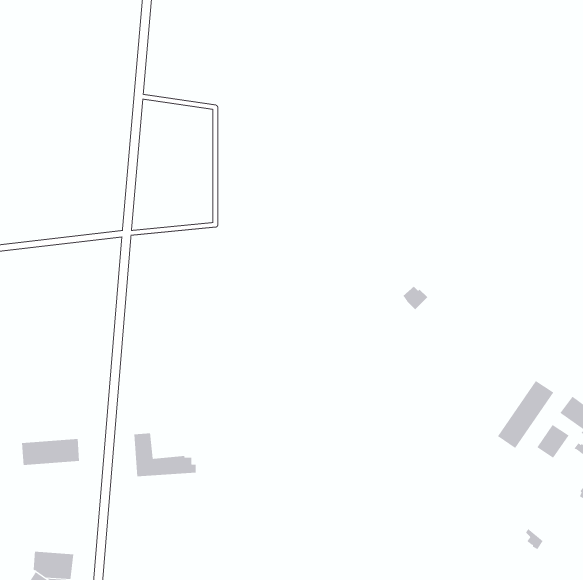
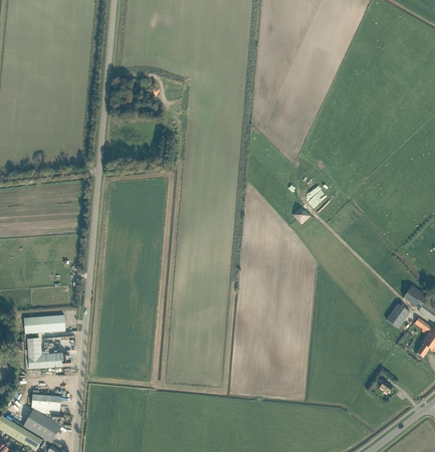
building: [497,380,554,449] -> none
building: [134,433,196,477] -> [26,336,70,368]

